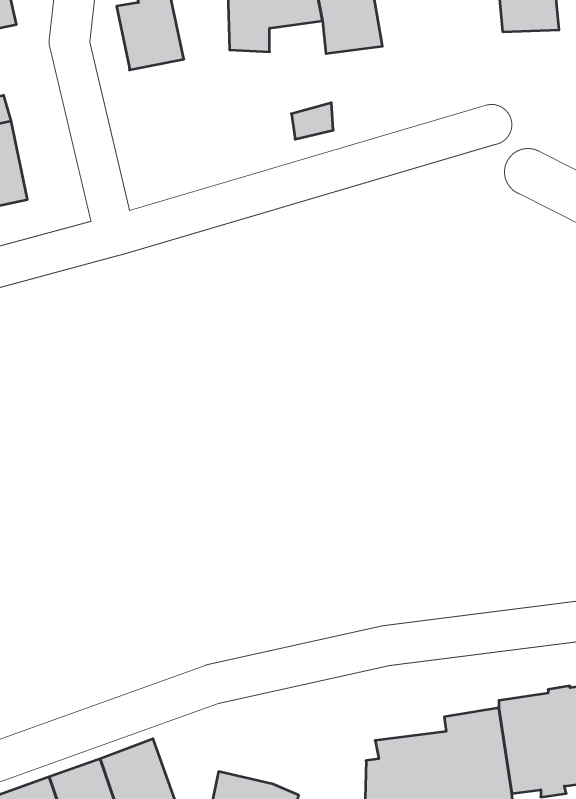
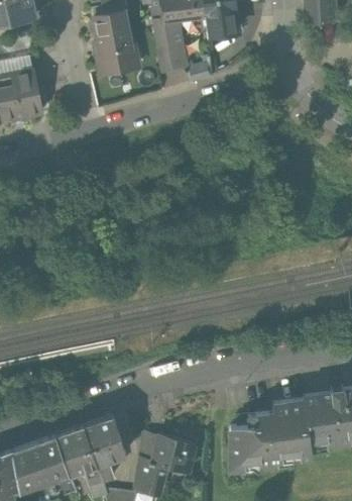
building: none -> [155,33,186,71]
building: none -> [96,38,140,91]

